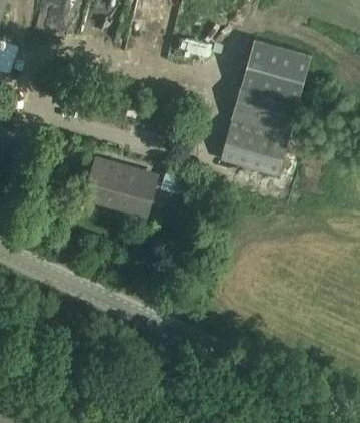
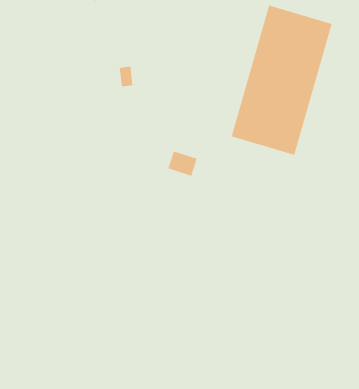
building: [84,159,157,222] -> none

